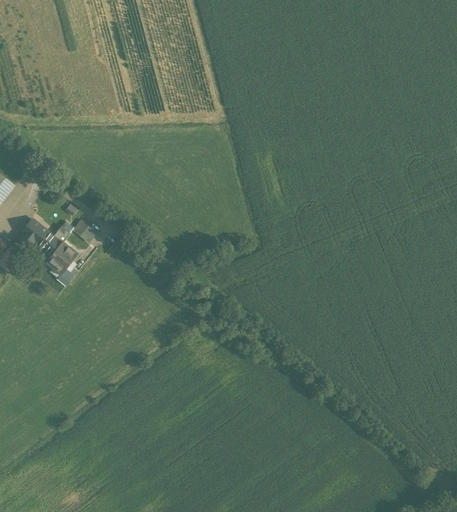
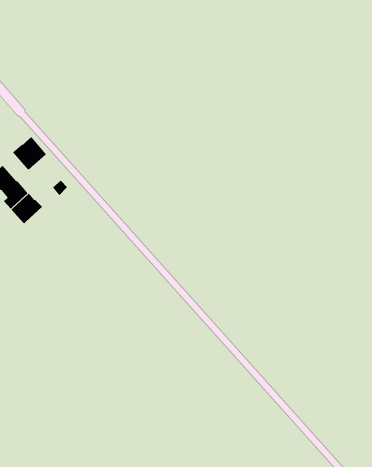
building: none -> [12,136,48,173]

